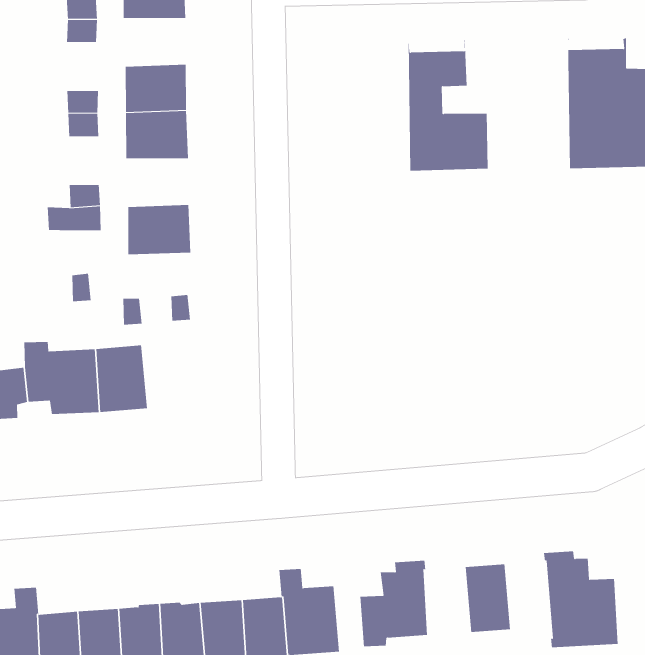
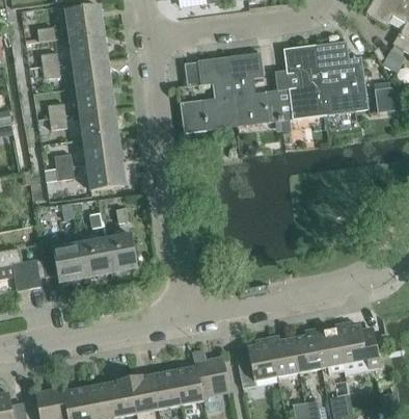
building: none -> [73,57,110,87]
building: none -> [276,44,324,120]
building: none -> [181,55,238,132]
building: none -> [83,133,120,163]
building: none -> [104,233,137,271]
building: none -> [315,329,345,373]
building: none -> [271,337,300,376]

